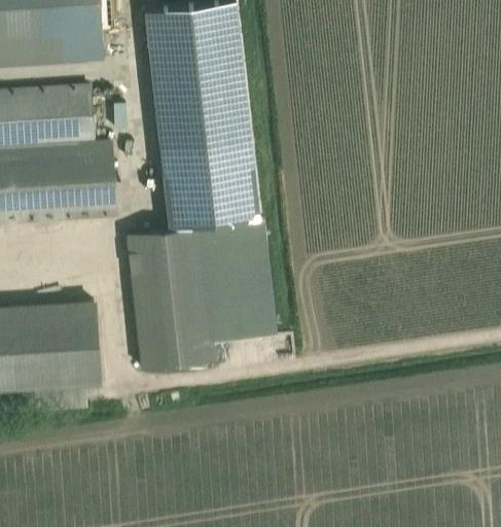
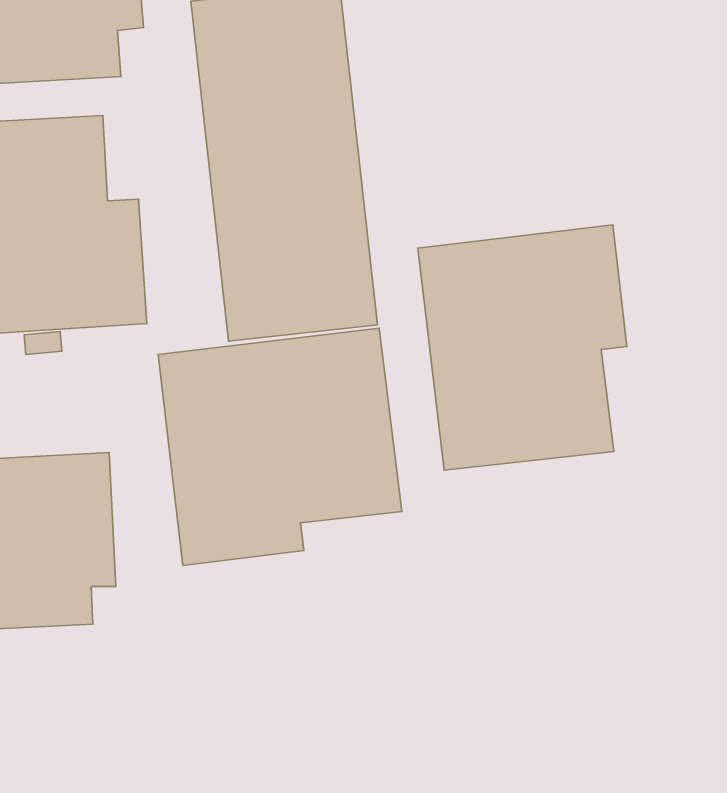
building: none -> [418,225,627,470]

